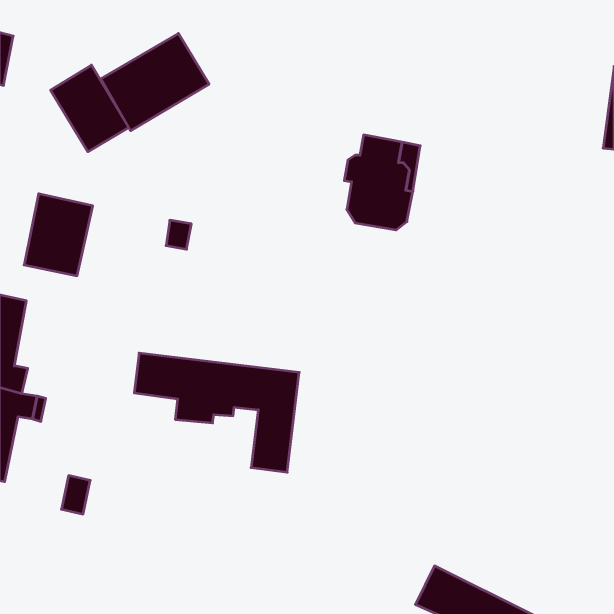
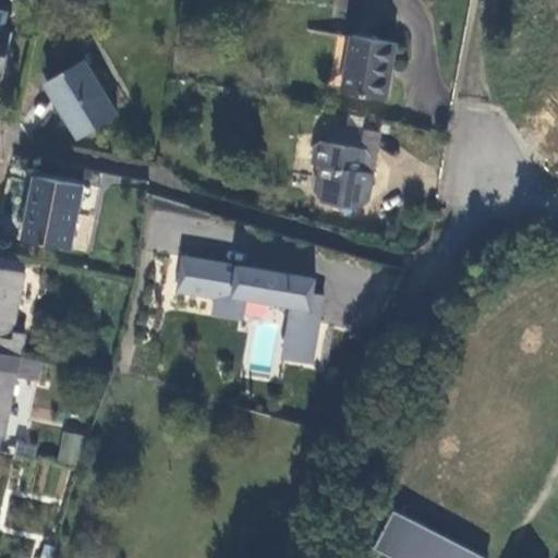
building: [101,33,209,131] -> none
building: none -> [341,36,396,100]
building: [134,353,299,472] -> [173,258,323,366]

